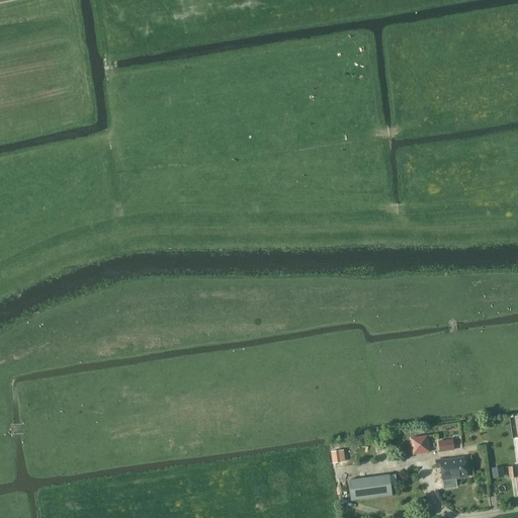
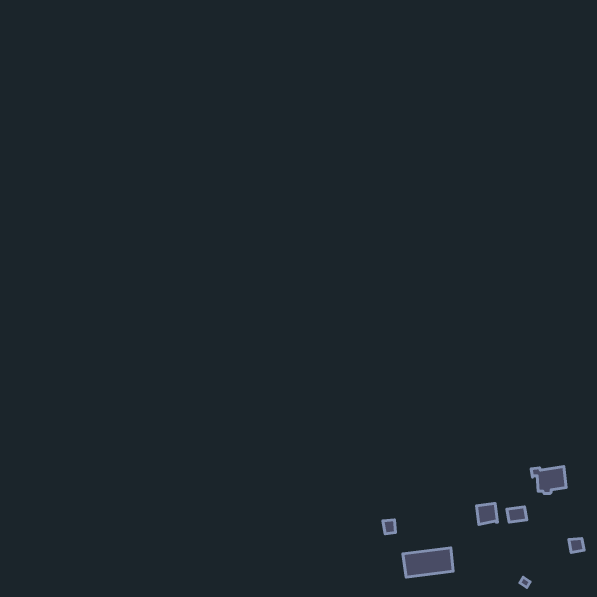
building: [437,457,467,481] -> [531,467,566,493]

